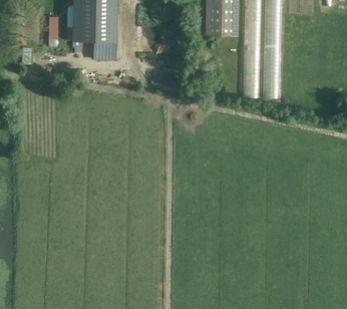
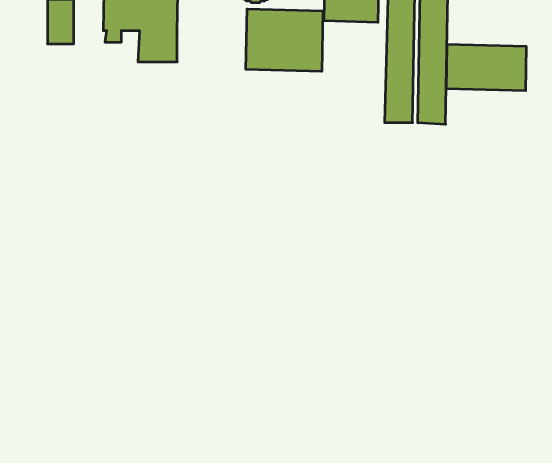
building: none -> [246,9,323,71]
building: none -> [446,44,526,91]

